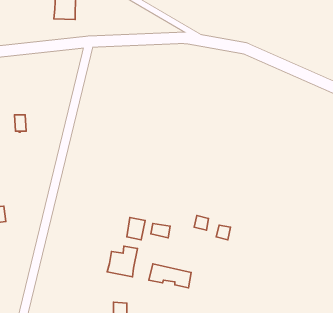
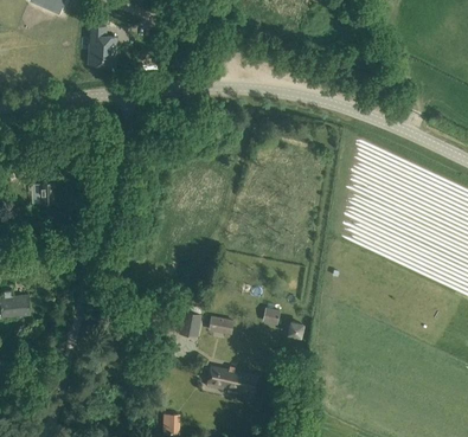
building: [107,246,138,277] -> none

